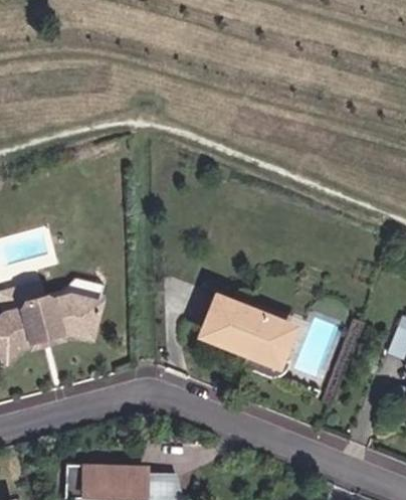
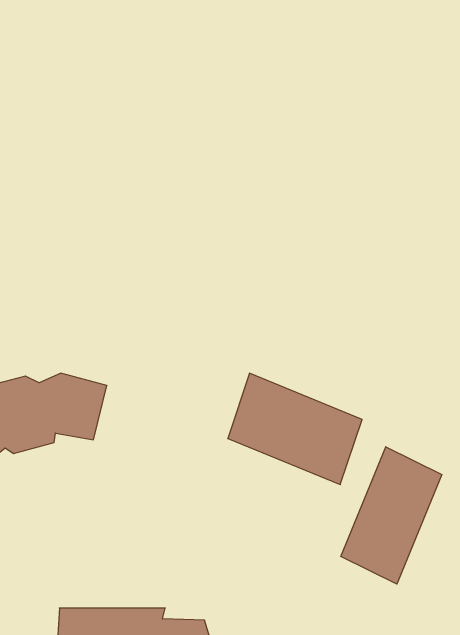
building: none -> [341,447,442,584]

